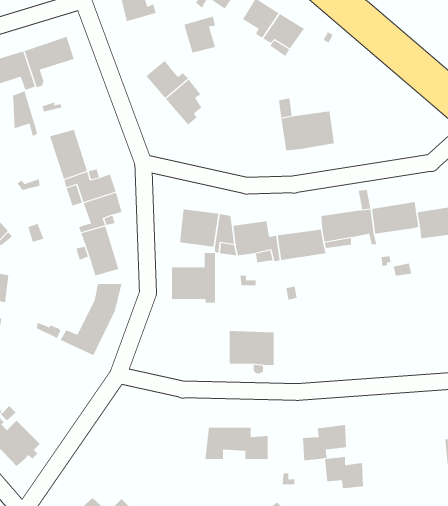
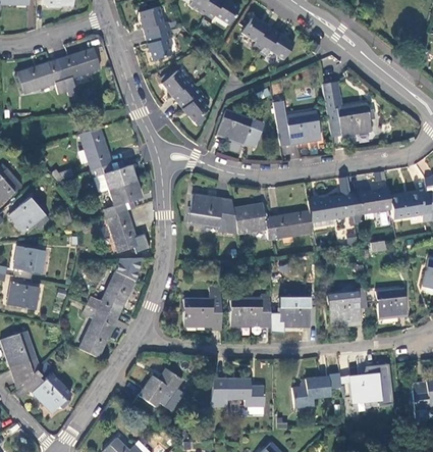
building: [183,16,216,53] -> [145,29,172,60]
building: none -> [323,82,371,138]
building: [13,90,37,137] -> none
building: none -> [218,109,264,147]
building: [171,253,216,303] -> [184,287,222,330]
building: none -> [327,287,368,323]
building: none -> [376,288,408,318]
building: none -> [280,298,311,325]
building: none -> [79,305,117,357]
building: none -> [139,367,184,410]
building: [324,456,364,489] -> [351,372,385,400]

